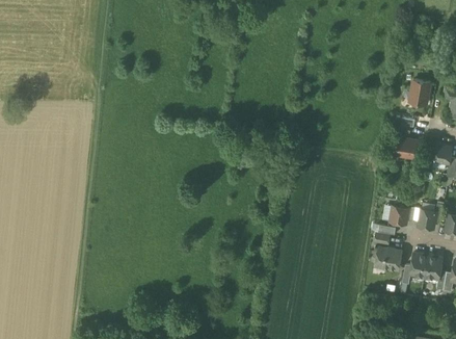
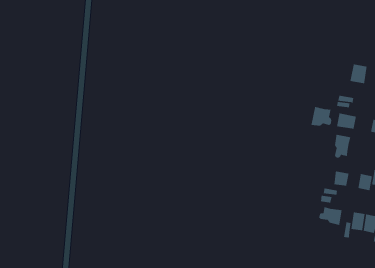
building: none -> [311,106,332,127]
building: none -> [334,134,351,158]

